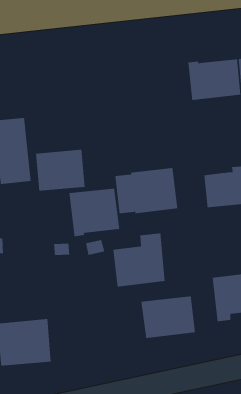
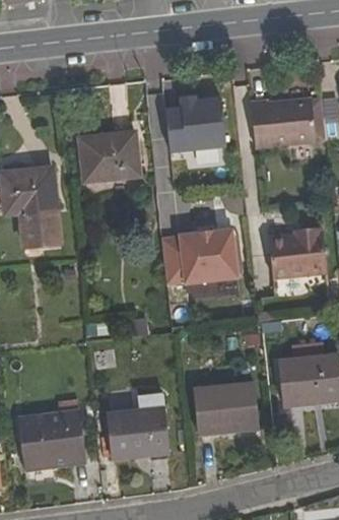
building: none -> [165,94,225,151]
building: [35,149,85,191] -> [79,131,140,182]
building: [69,188,120,237] -> none
building: [113,233,165,287] -> [106,393,170,459]

